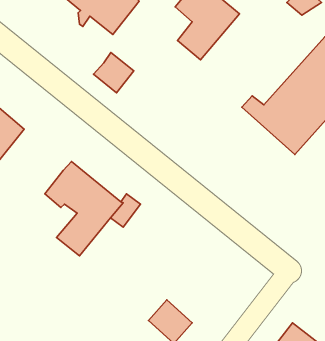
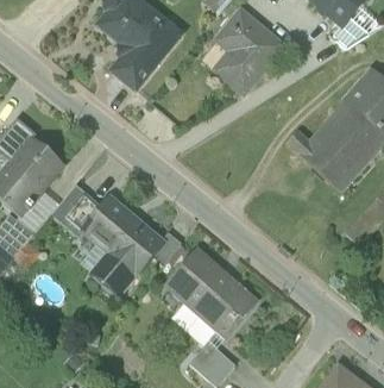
building: [93,52,134,93] -> [111,48,152,89]
building: none -> [50,184,101,237]
building: none -> [166,254,253,333]

